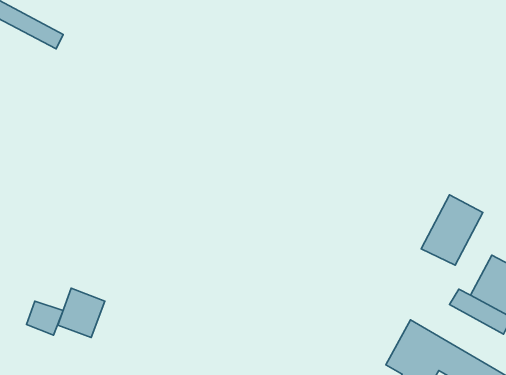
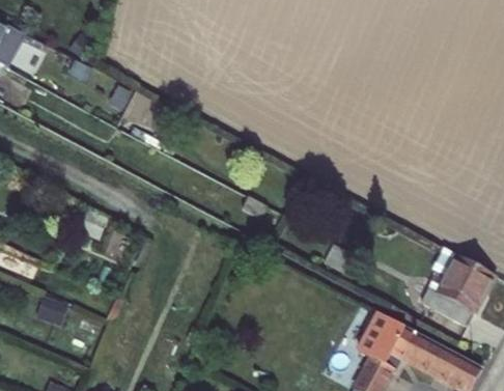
building: [421,195,483,265] -> none
building: [58,288,105,337] -> none

